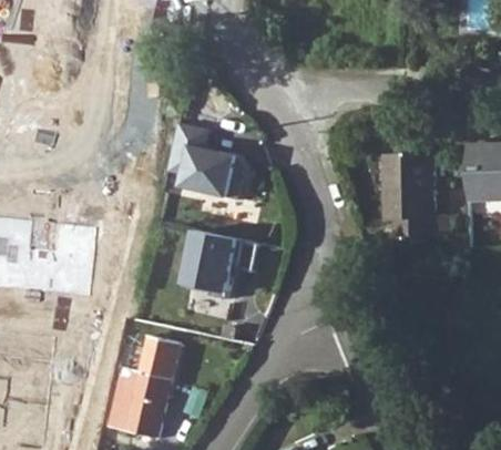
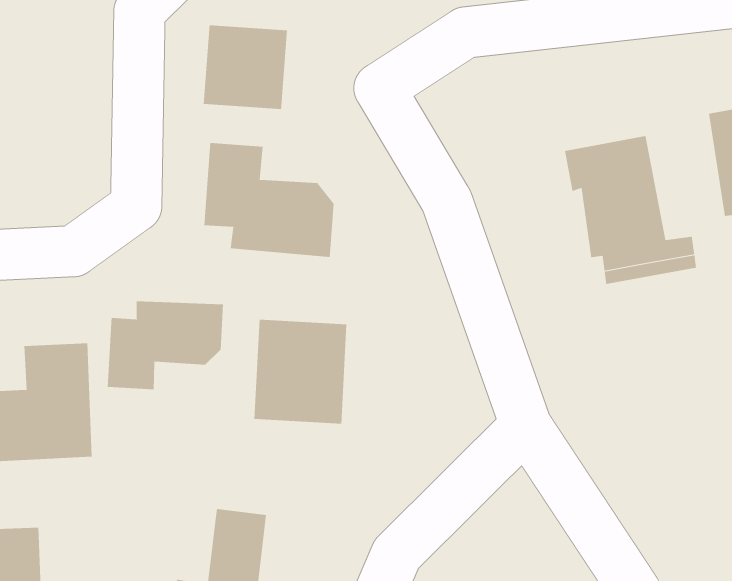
building: none -> [203,24,288,110]
building: none -> [107,301,224,390]

